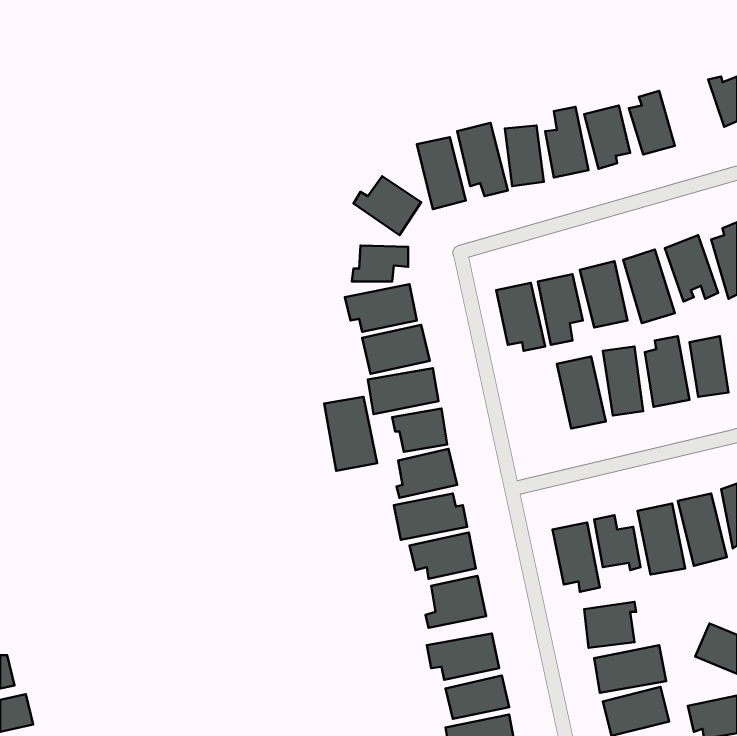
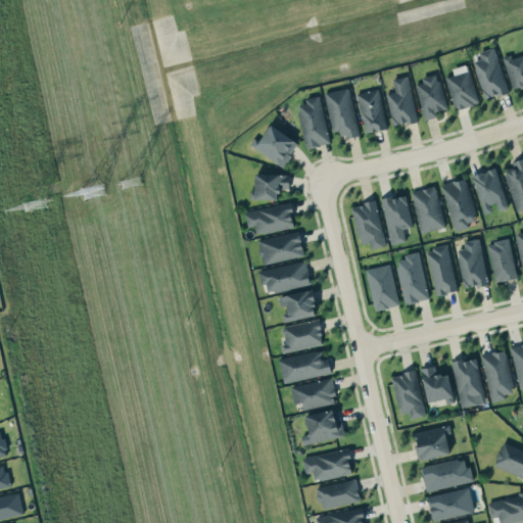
building: none -> [473,48,508,100]
building: none -> [366,265,399,312]
building: [324,397,377,471] -> none

